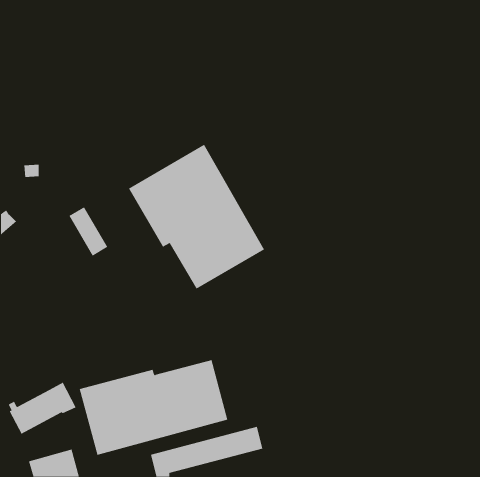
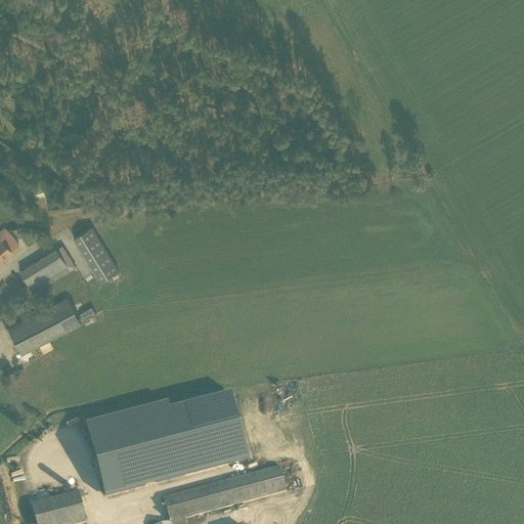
building: [128,144,265,290] -> none
building: none -> [19,246,67,285]
building: [8,382,76,435] -> [7,294,82,351]

